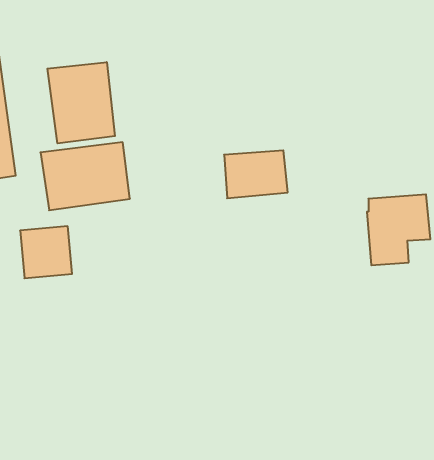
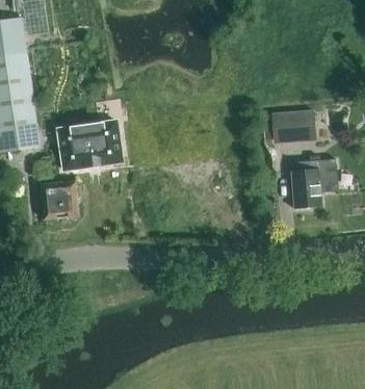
building: [47,62,115,143] -> none
building: [224,150,288,198] -> [270,108,316,142]

